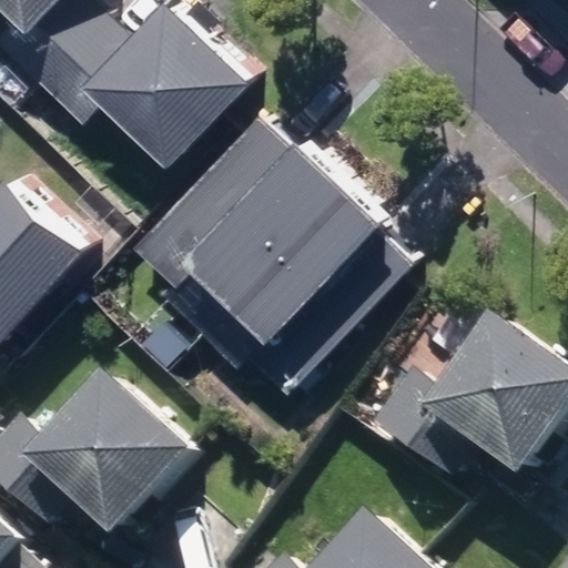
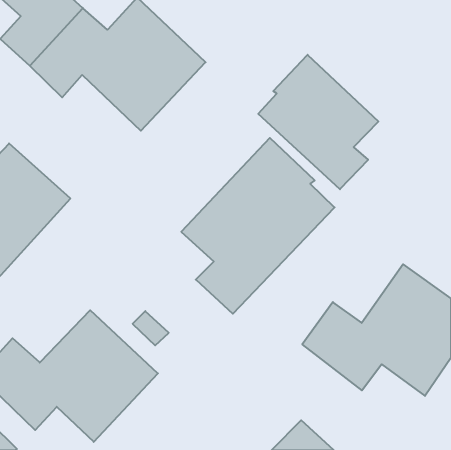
building: none -> [258,55,378,189]
building: [133,108,332,285] -> none

